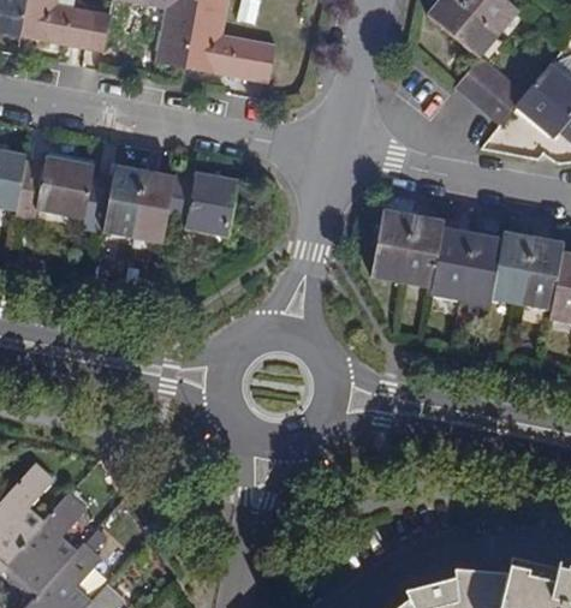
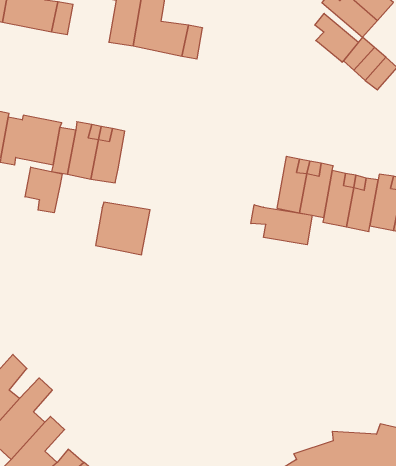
building: none -> [315,13,358,62]
building: [168,171,238,238] -> [96,202,150,255]
building: none -> [25,167,62,213]
building: none -> [251,205,312,245]

